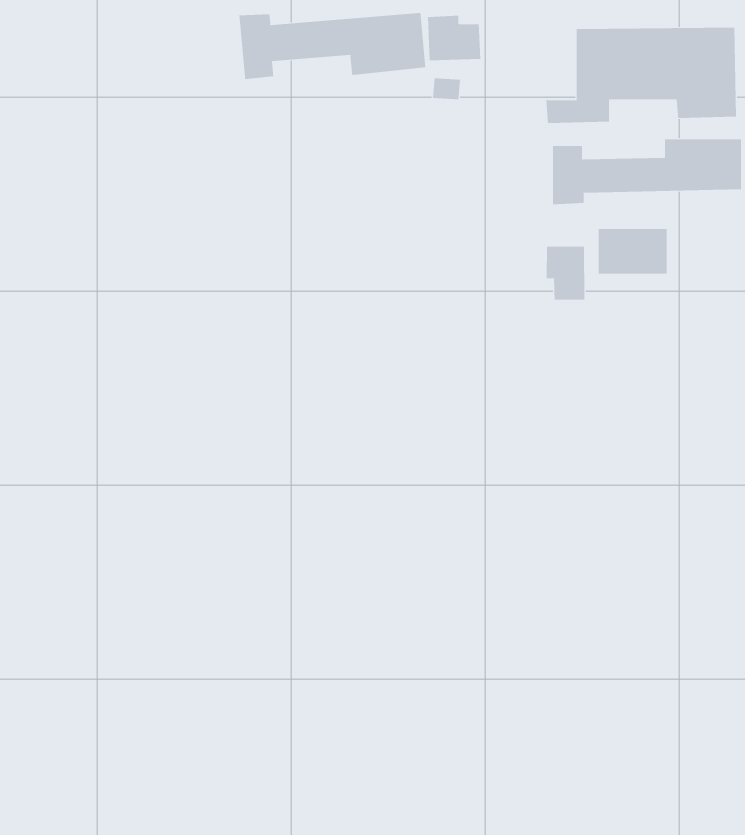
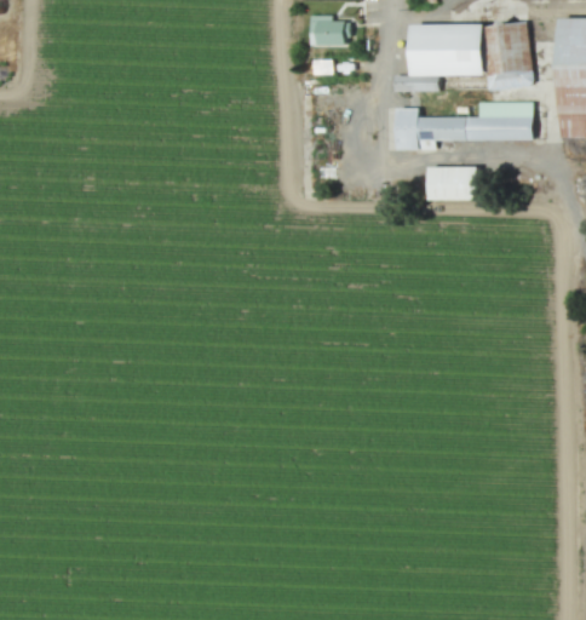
building: [239,12,426,80] -> none
building: [546,246,585,300] -> none

